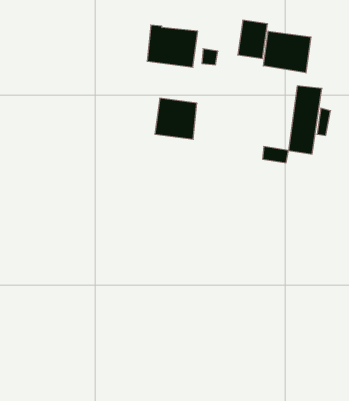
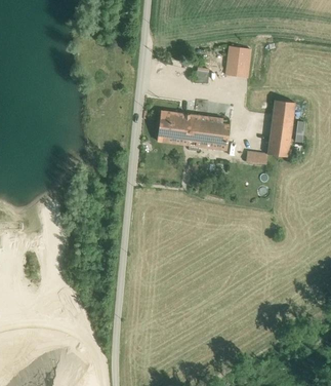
building: [147,25,198,67] -> [189,115,231,150]
building: [263,31,311,73] -> none

